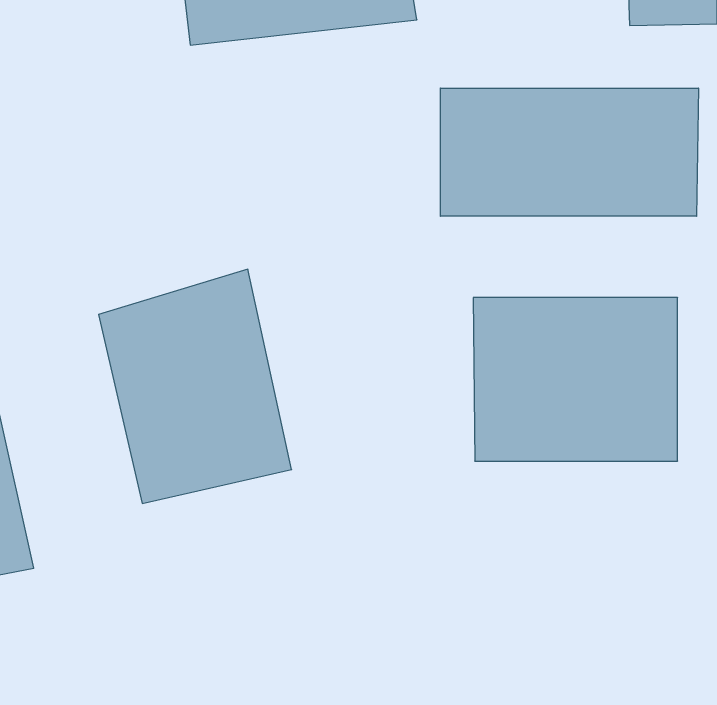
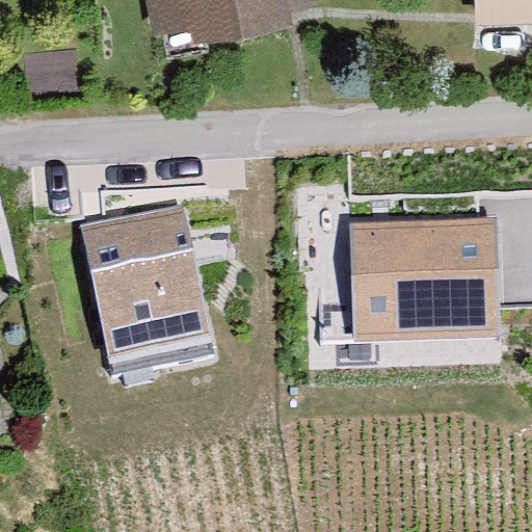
building: [440,88,698,216] -> none

